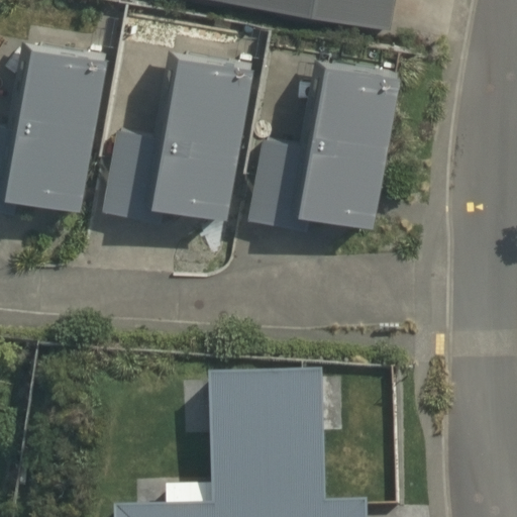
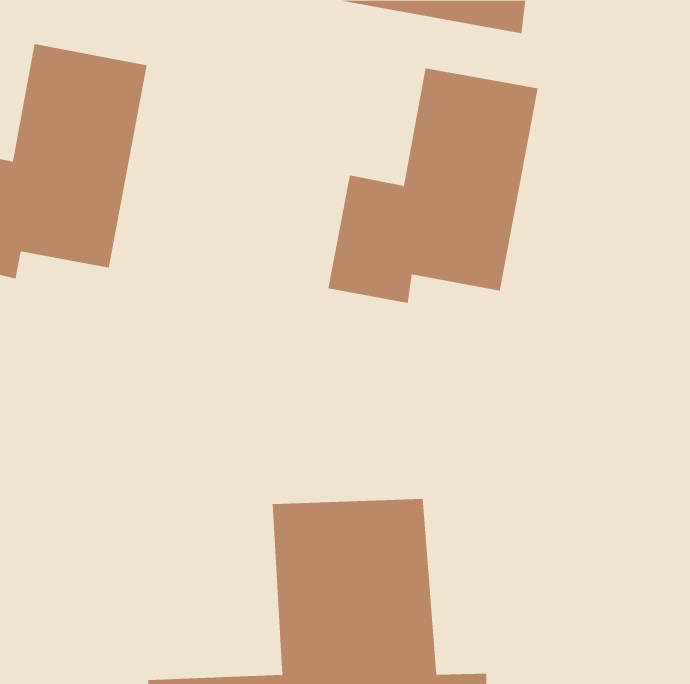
building: [99,46,256,222] -> none

